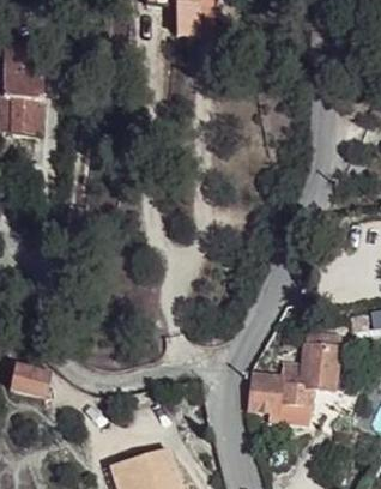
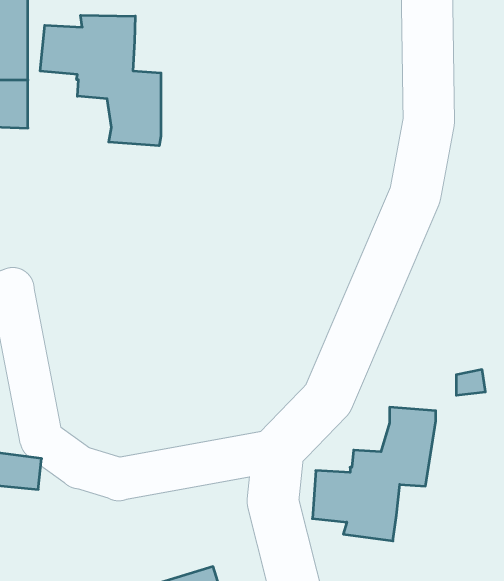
building: none -> [40,15,161,146]

